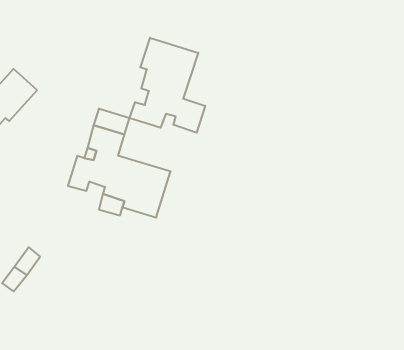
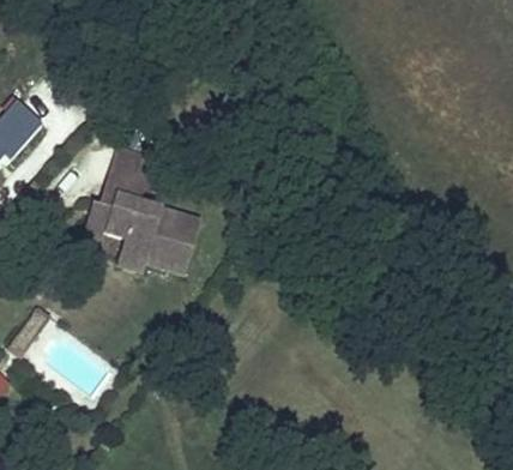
building: [130,38,205,133] -> none

